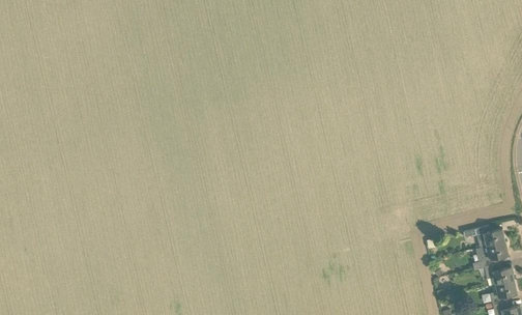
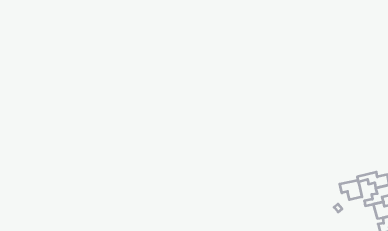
building: none -> [340,180,362,200]

